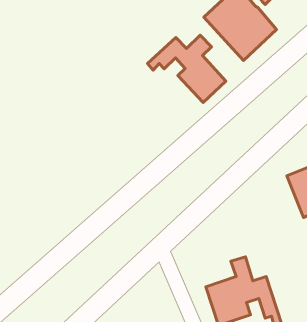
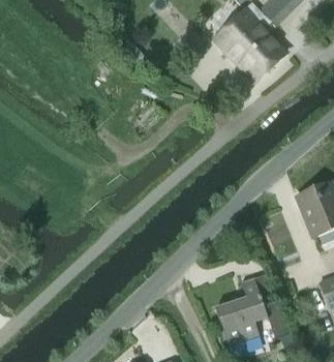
building: [148,35,226,102] -> none

